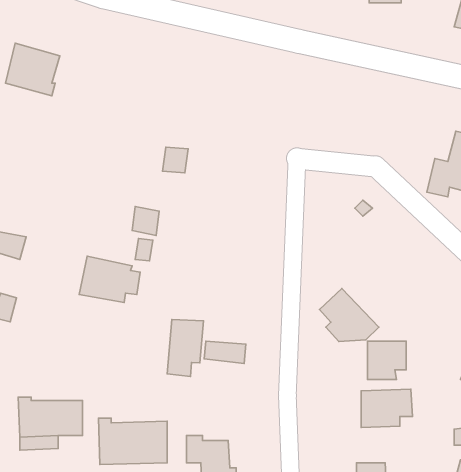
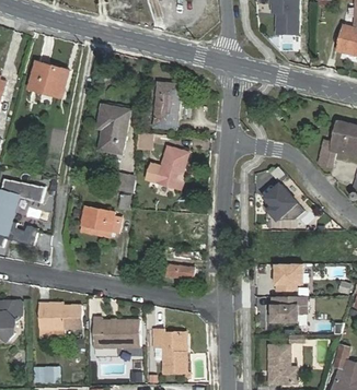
building: none -> [153,82,178,128]
building: none -> [96,104,129,153]
building: none -> [145,145,188,188]
building: [320,289,379,341] -> [263,184,303,220]
building: [167,320,204,376] -> none

